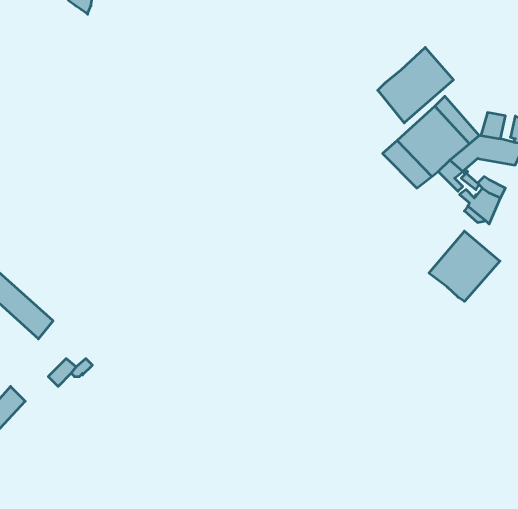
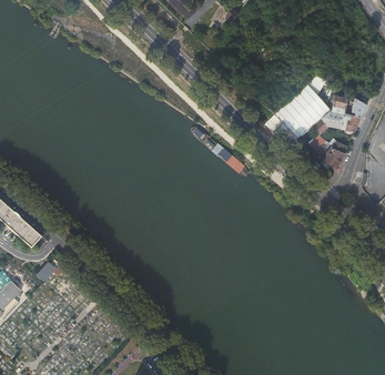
building: [378,47,453,123] -> none
building: [429,231,500,301] -> none

